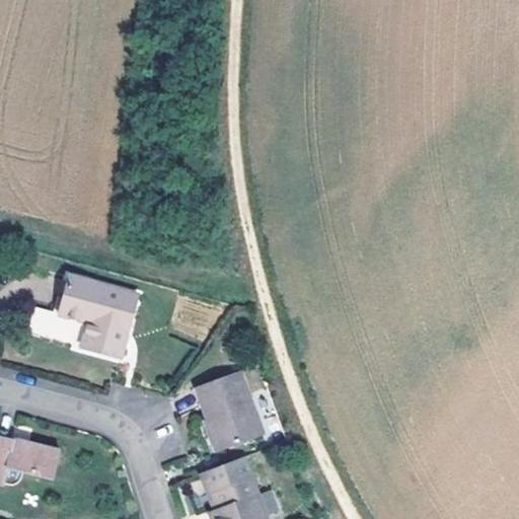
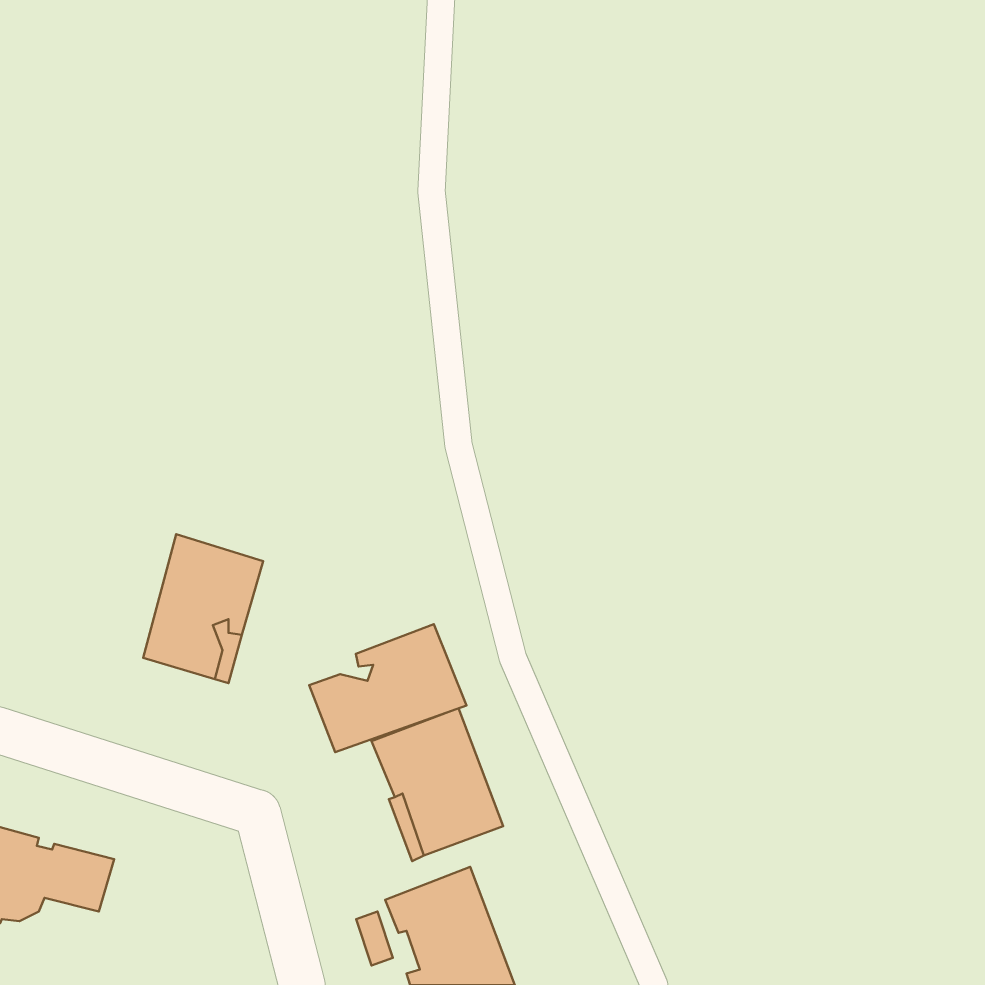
building: [28,274,92,345] -> none
building: none -> [309,624,467,752]

